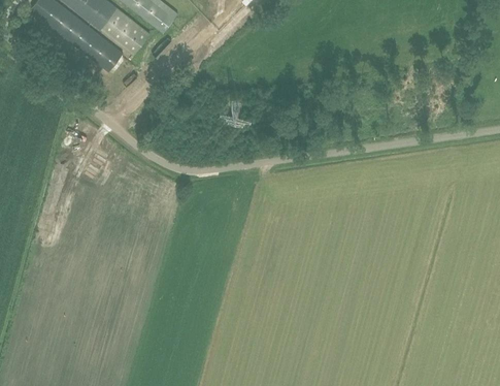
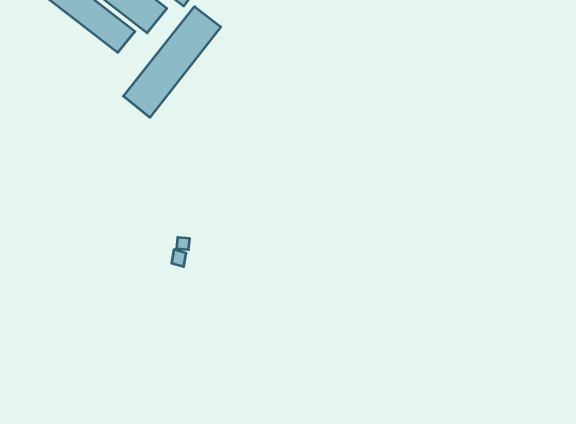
building: none -> [123,7,221,117]

